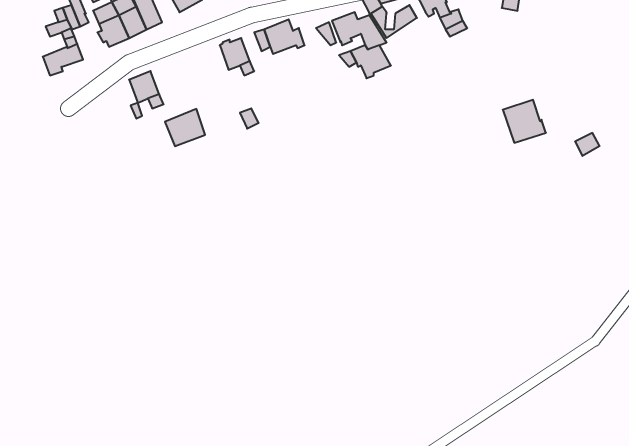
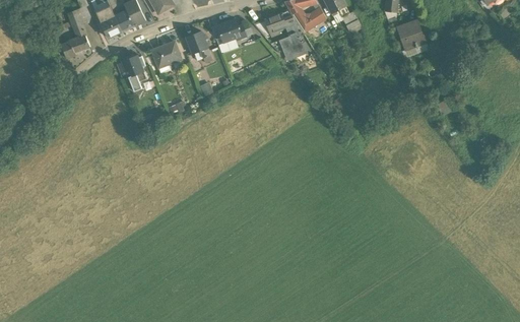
building: [503,100,546,143] -> [396,19,427,50]
building: [165,109,205,146] -> [152,41,181,67]

